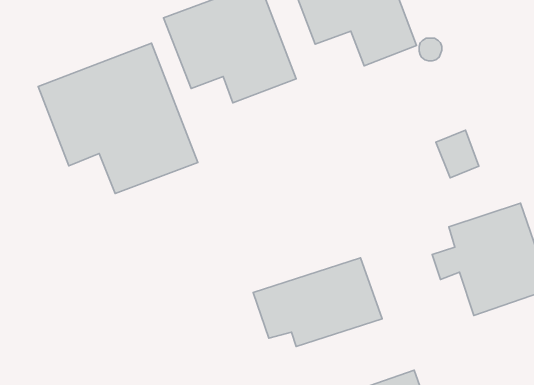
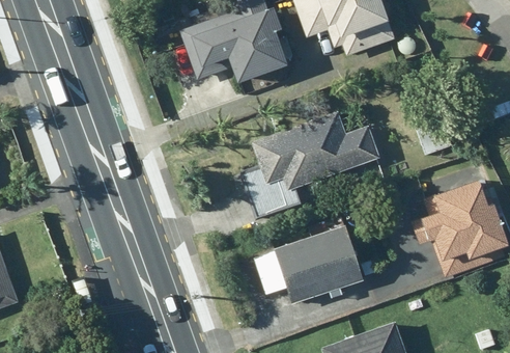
building: [38,43,198,194] -> none
building: none -> [245,114,385,216]

